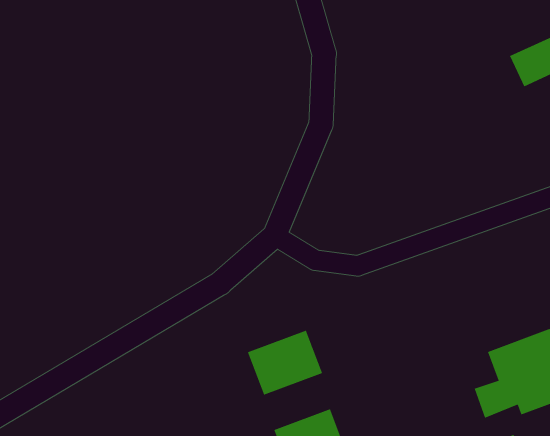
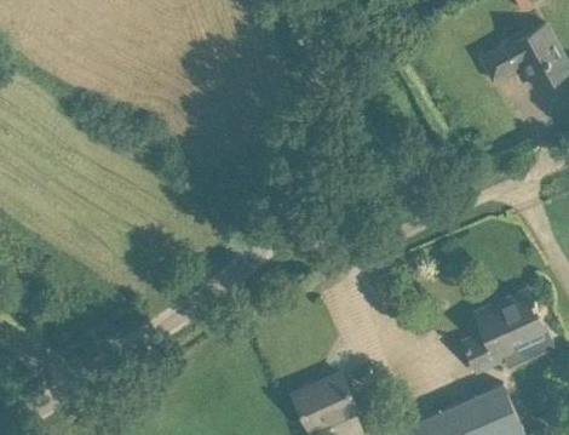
building: [247,330,323,396] -> none

